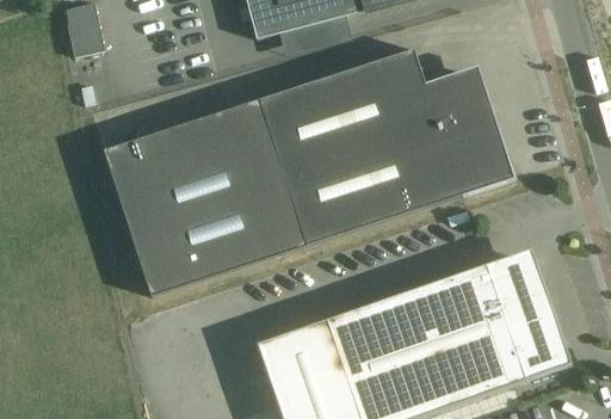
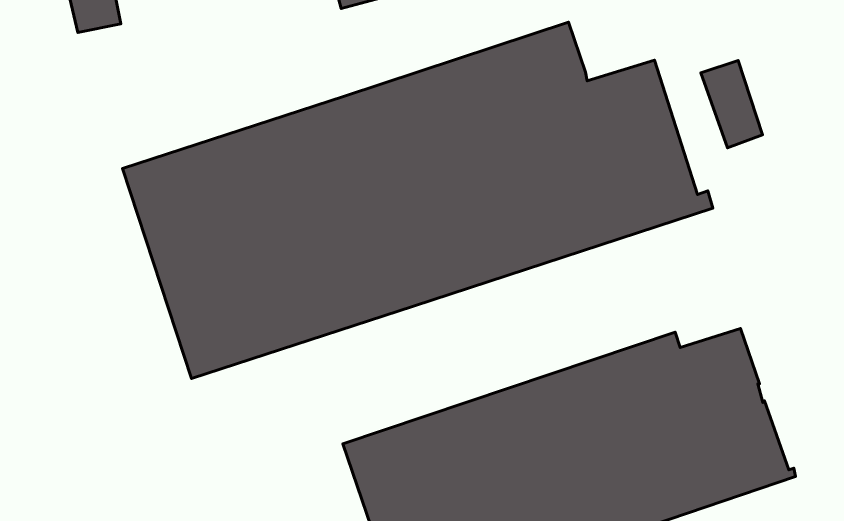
building: none -> [701,61,763,148]

